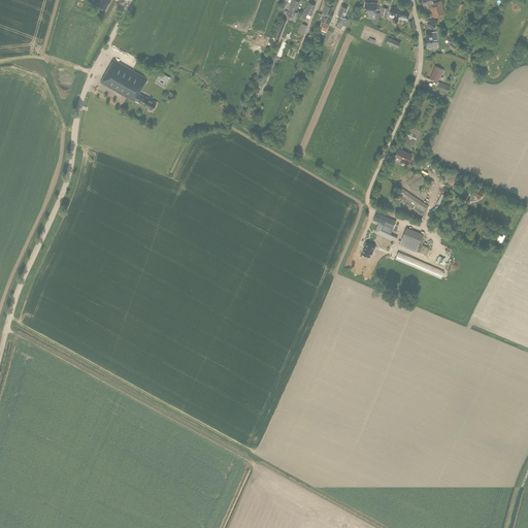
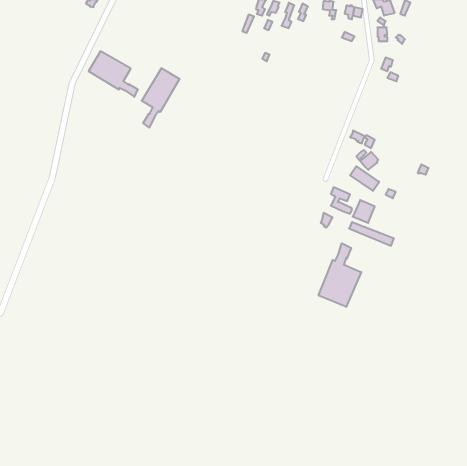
building: none -> [142,68,179,128]
building: none -> [319,243,361,307]

